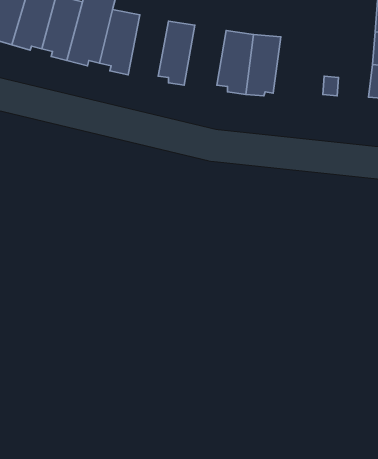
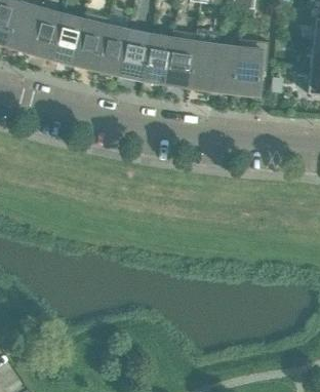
building: none -> [117,29,149,79]
building: none -> [161,30,195,86]
building: none -> [231,39,268,92]

